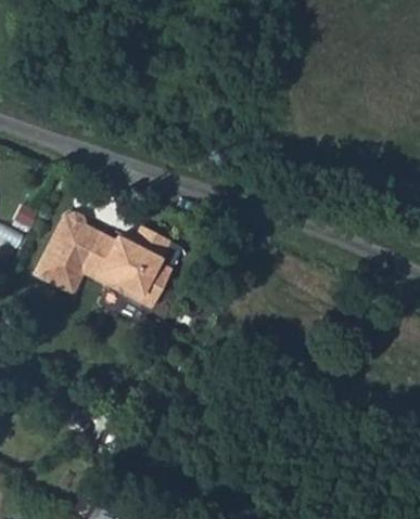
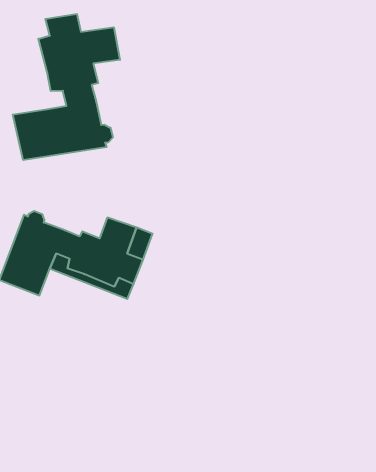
building: none -> [13,14,120,160]

